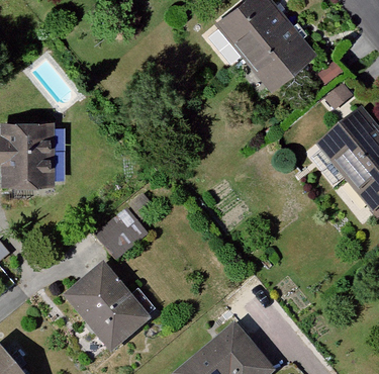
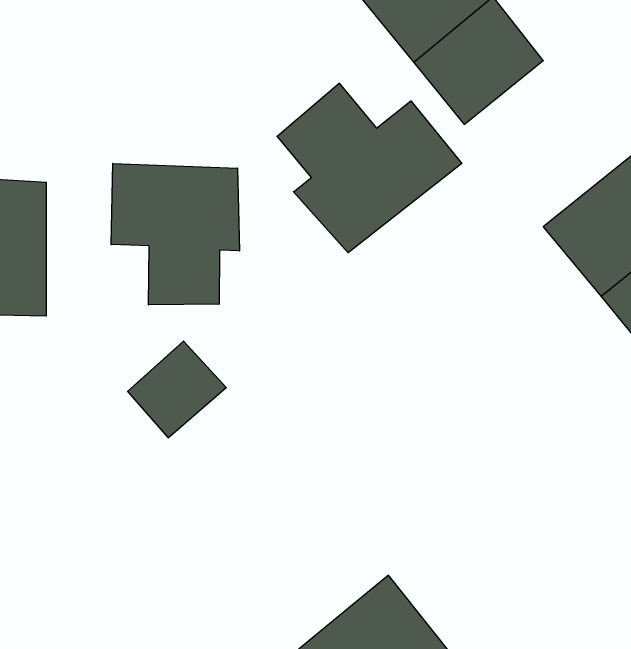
building: none -> [277,83,462,253]
building: none -> [111,163,239,305]
building: [62,263,153,356] -> none

